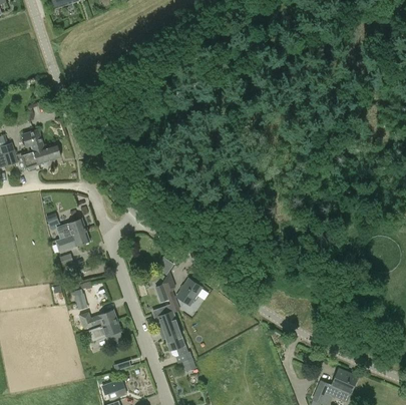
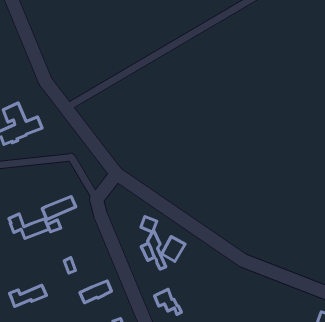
building: [45,212,86,238] -> [9,214,49,239]
building: [155,305,180,339] -> none
building: [79,309,117,329] -> [10,285,46,306]

